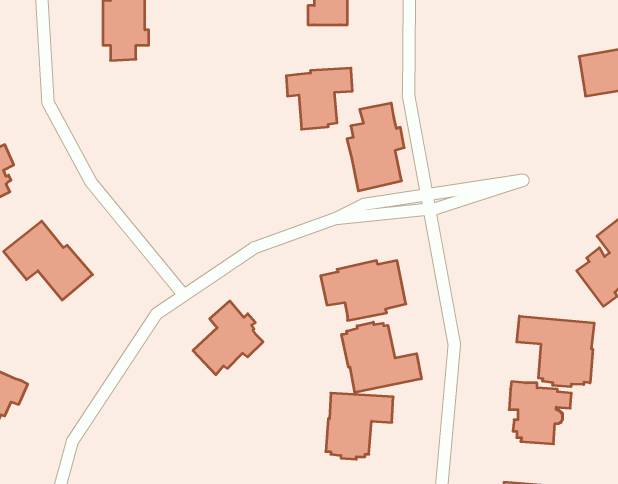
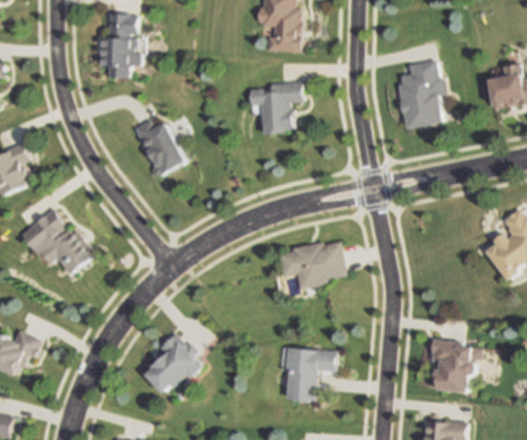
building: [347,103,404,191] -> [397,57,444,128]
building: none -> [136,124,185,176]
building: [193,301,263,375] -> [146,332,203,392]
building: [517,316,594,387] -> none
building: [342,322,421,392] -> none

